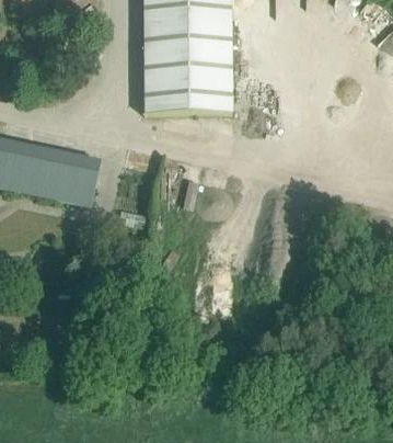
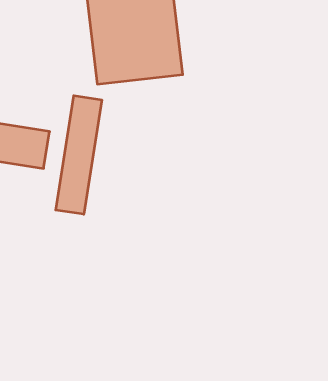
building: none -> [56,96,102,214]

